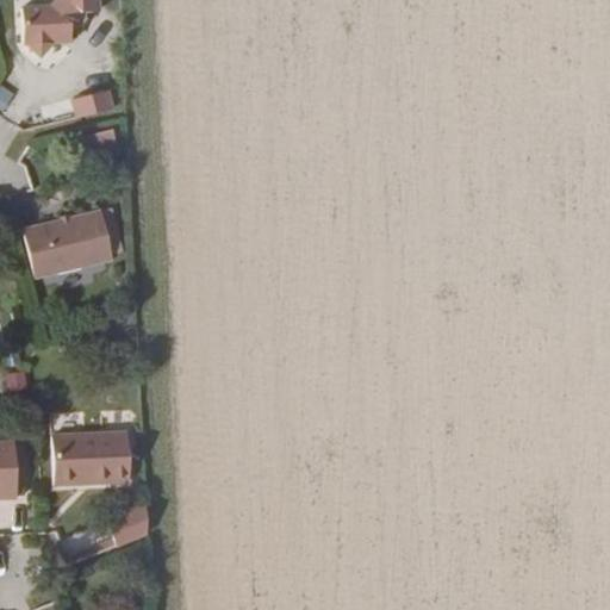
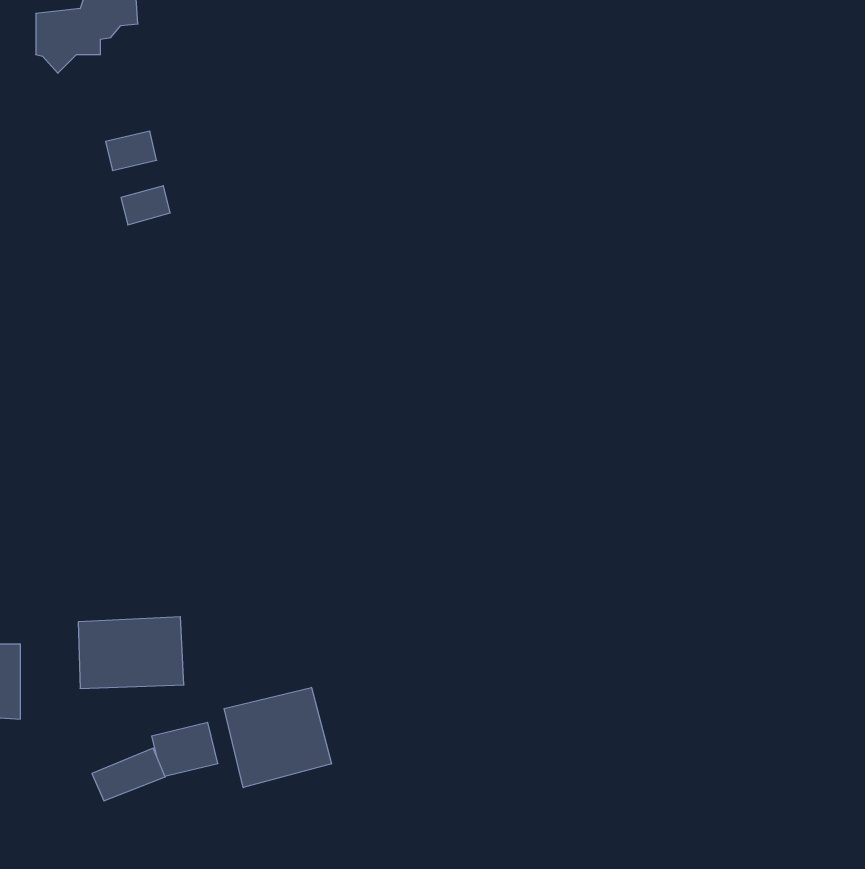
building: [25,211,112,276] -> none
building: none -> [224,687,331,788]

